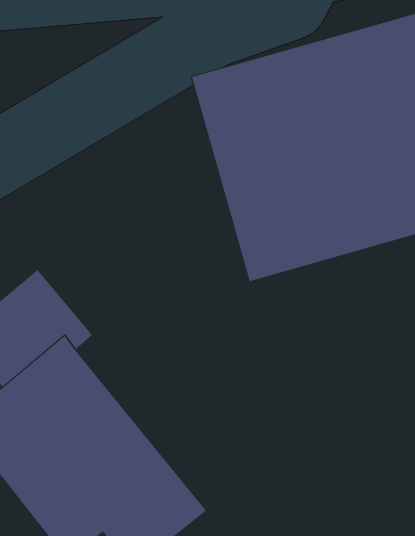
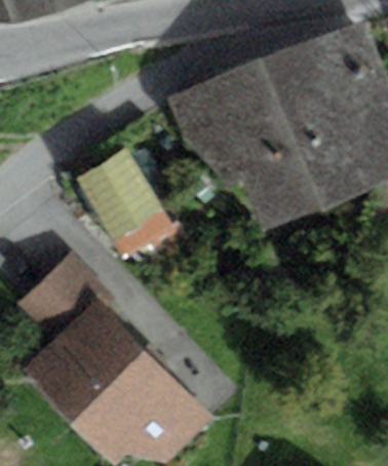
building: none -> [73,148,172,260]

